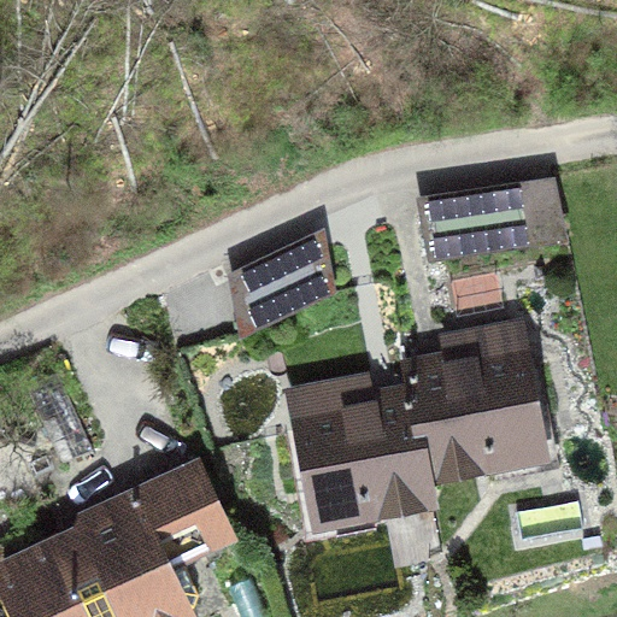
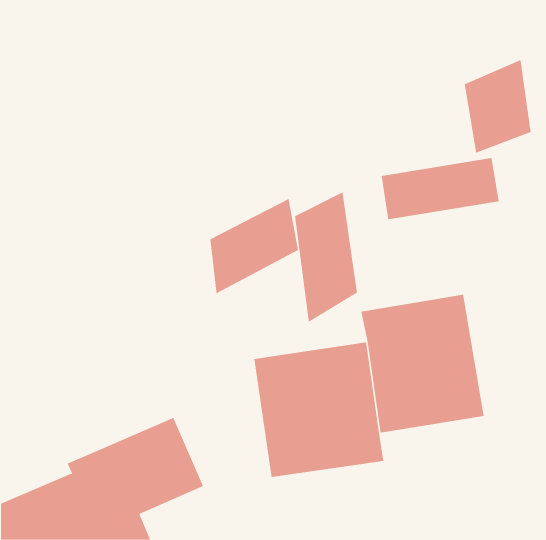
building: none -> [464,59,531,154]
building: none -> [294,191,358,323]

